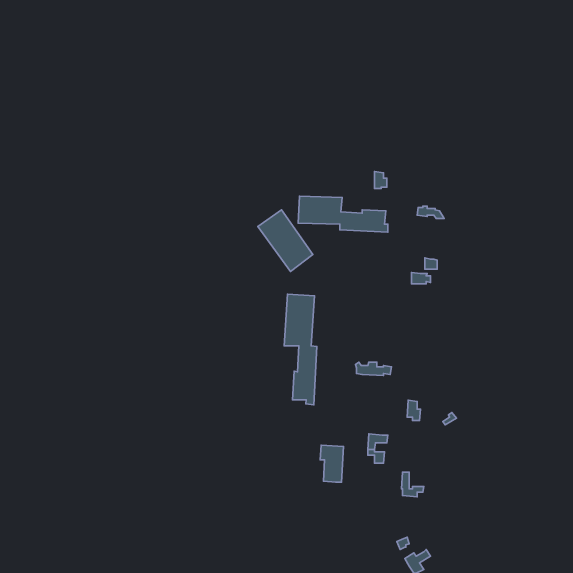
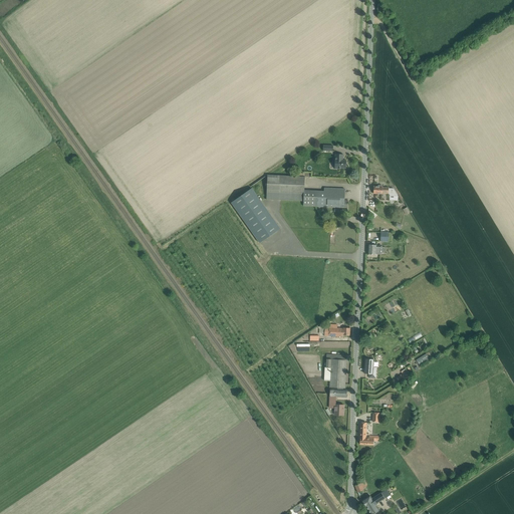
building: [284,294,317,405] -> none
building: [320,445,344,482] -> [326,354,347,388]

